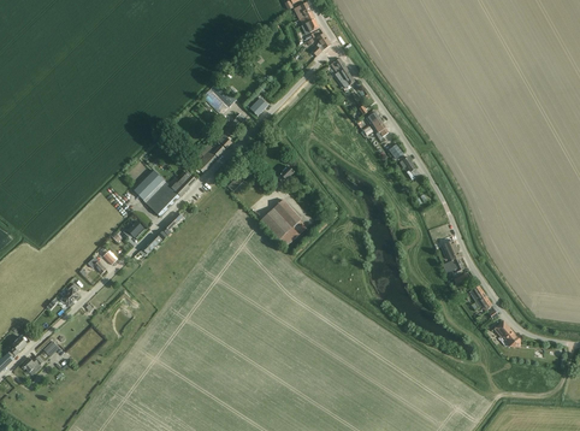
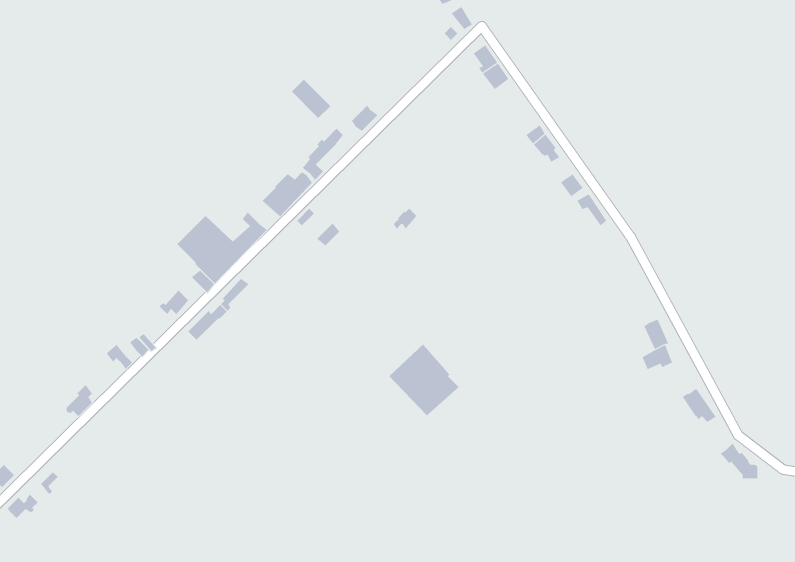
building: [259,199,306,247] -> [389,343,459,416]

